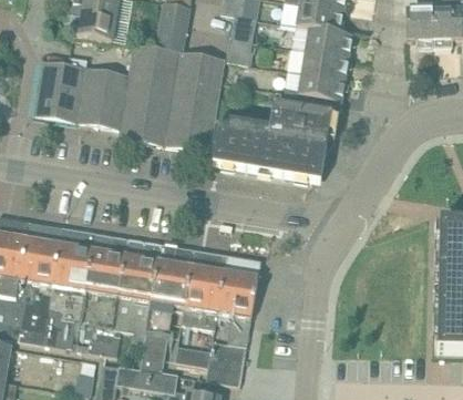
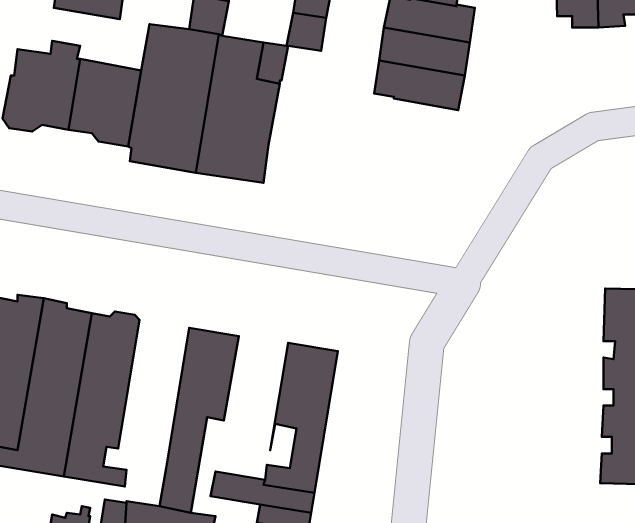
building: [209,104,338,180] -> none
building: [102,243,160,343] -> none
building: [181,254,226,330] -> none

